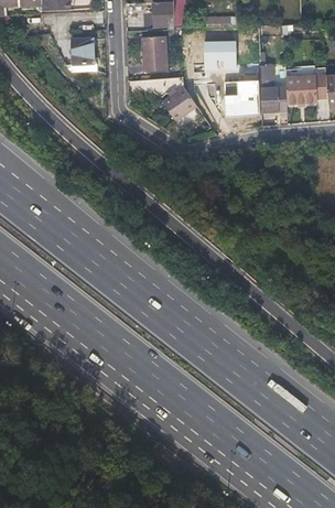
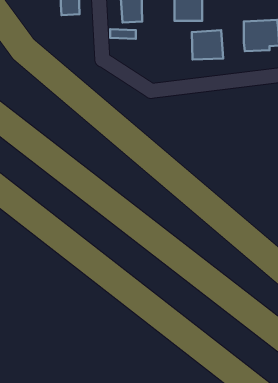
building: [258,65,285,112] -> none
building: [161,85,196,119] -> none

